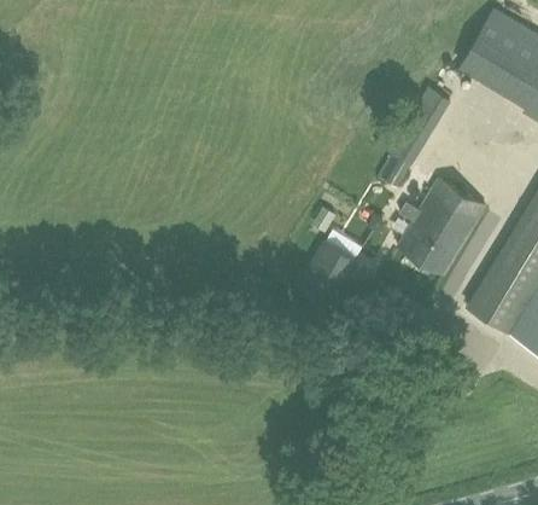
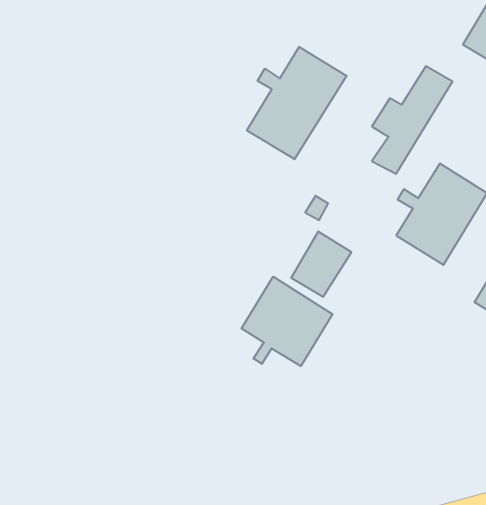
building: none -> [247,47,347,159]
building: none -> [241,277,333,366]

